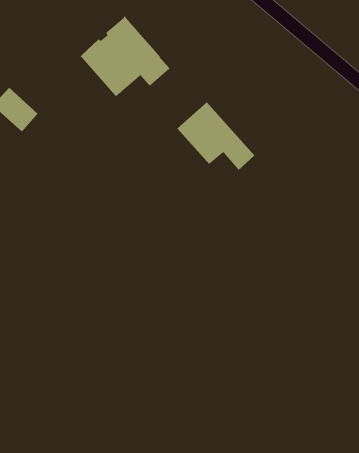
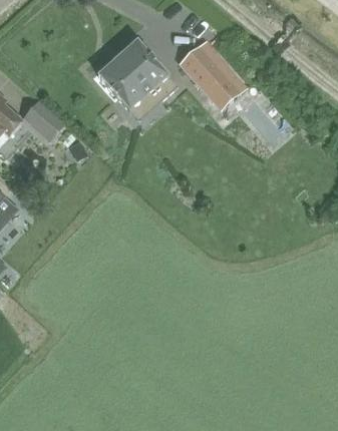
building: [176,102,255,171] -> [179,40,246,99]

